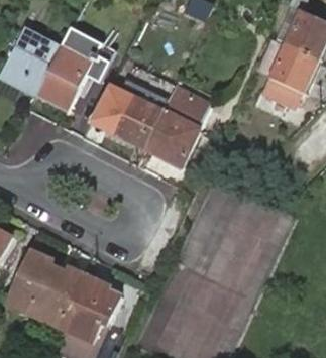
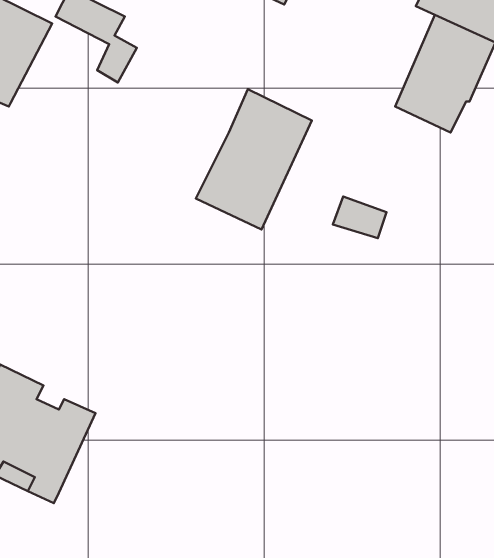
building: [35,42,93,110] -> none
building: [102,78,162,148] -> none
building: [60,273,119,341] -> none

